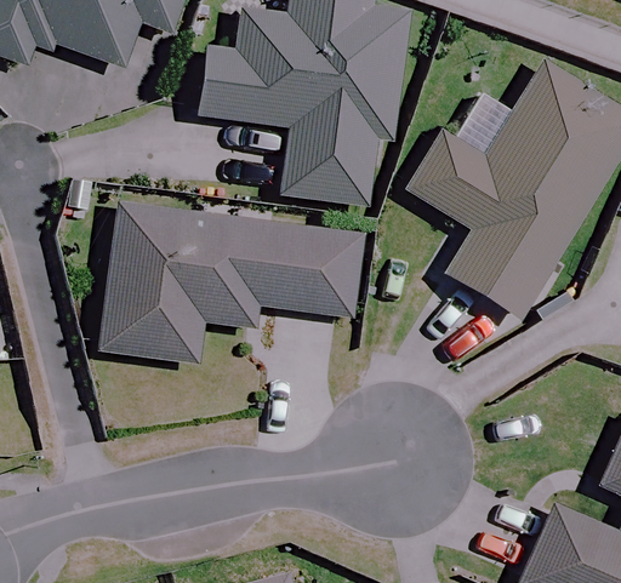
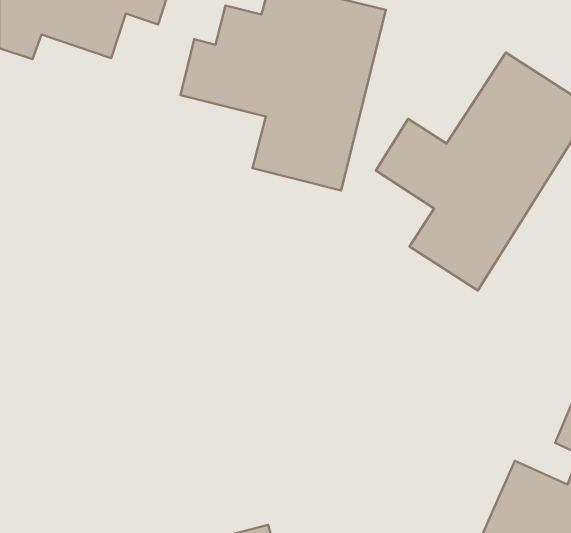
building: [101,204,368,364] -> none

